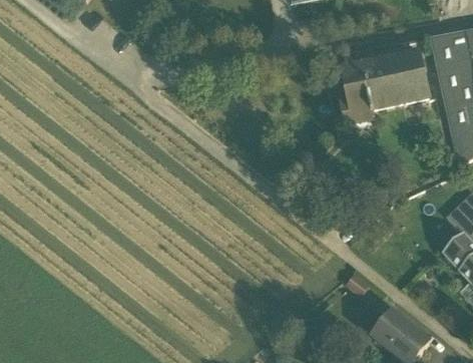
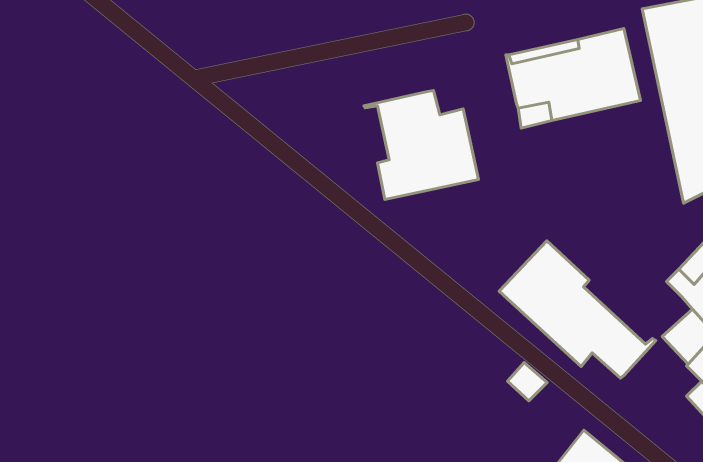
building: none -> [364,91,479,200]
building: [338,97,374,126] -> none
building: none -> [499,241,656,378]

